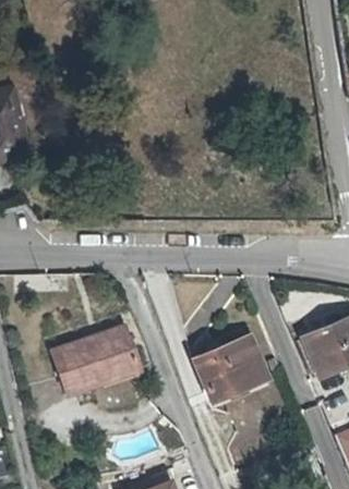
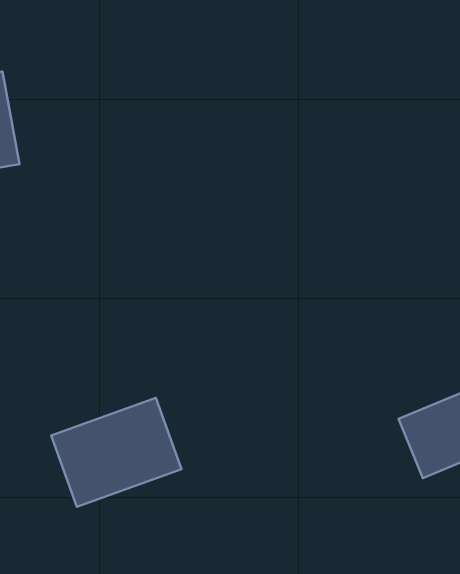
building: [191,333,272,406] -> none

